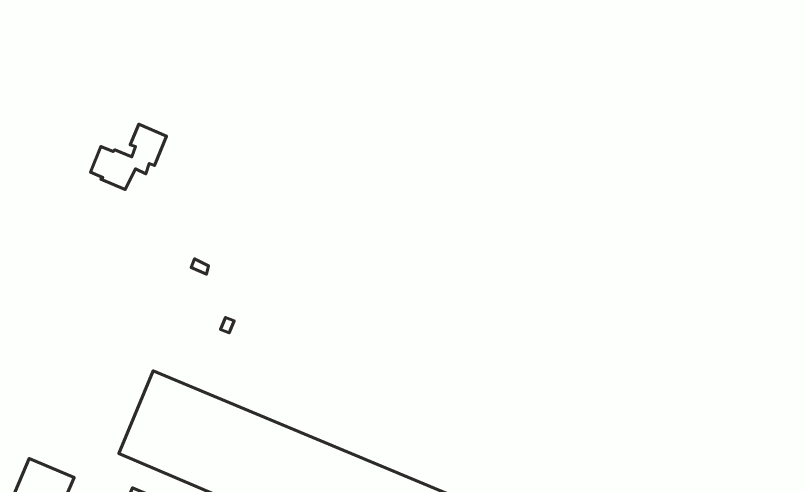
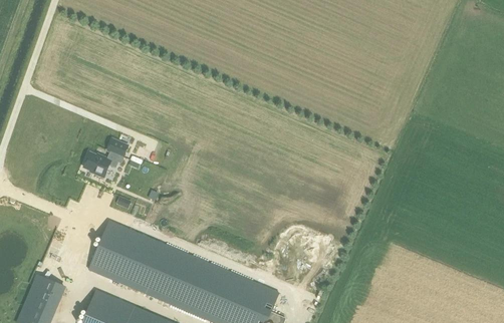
building: [91,124,166,189] -> [82,138,127,177]

